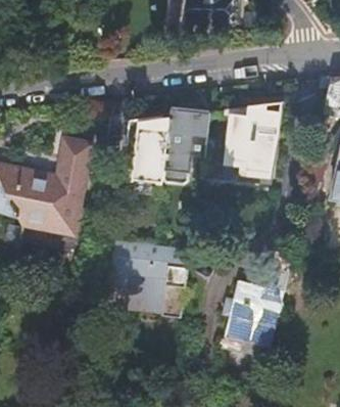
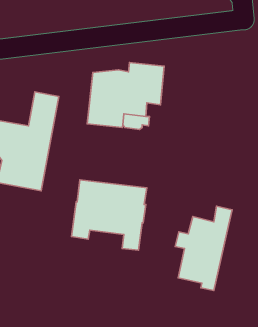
building: [227,100,282,172] -> none

